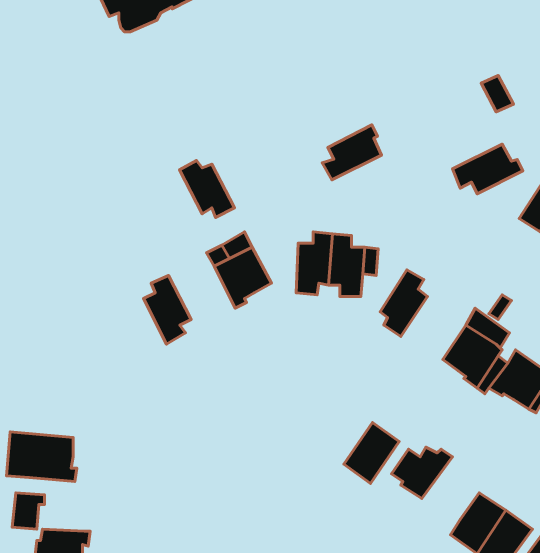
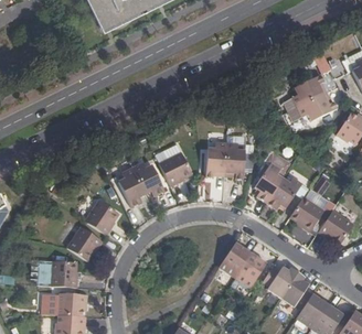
building: [322,125,381,180] -> [290,74,324,106]
building: [179,160,235,218] -> [131,162,163,195]
building: none -> [266,179,301,211]
building: none -> [84,198,117,235]
building: none -> [66,225,102,260]
building: none -> [217,243,249,277]
building: none -> [278,272,311,309]
building: none -> [55,292,87,315]

